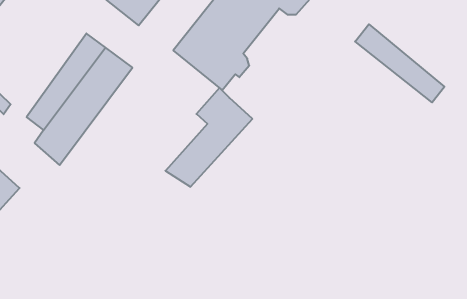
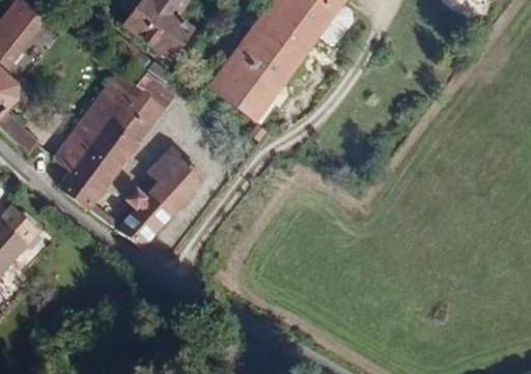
building: [355,24,444,102] -> none
building: [165,88,252,187] -> [127,136,217,238]

